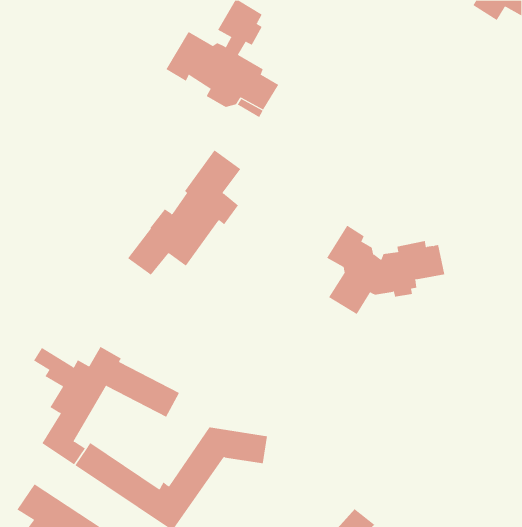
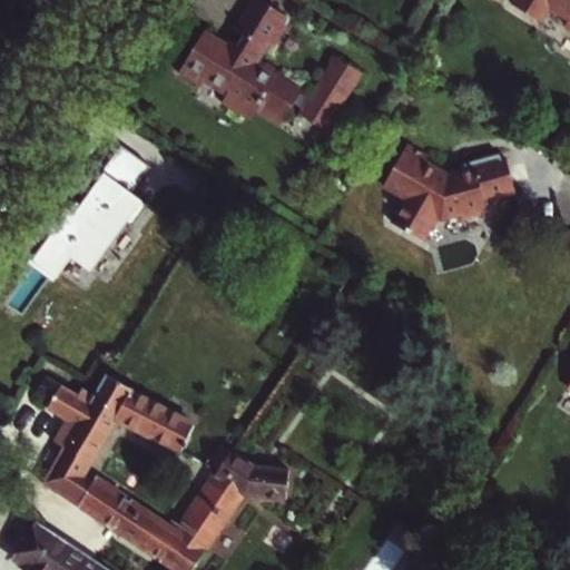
building: none -> [308,60,356,132]
building: [127,150,241,276] -> [21,147,144,283]
building: [326,225,445,315] -> [390,142,518,239]

